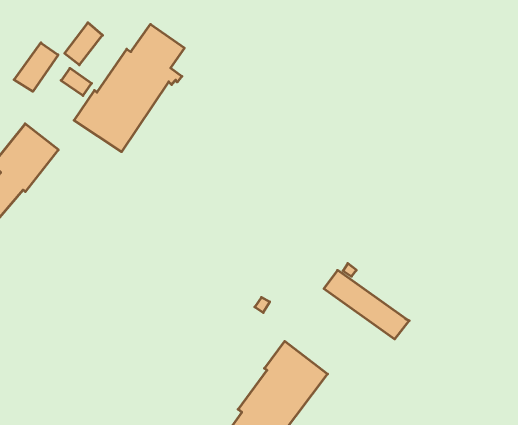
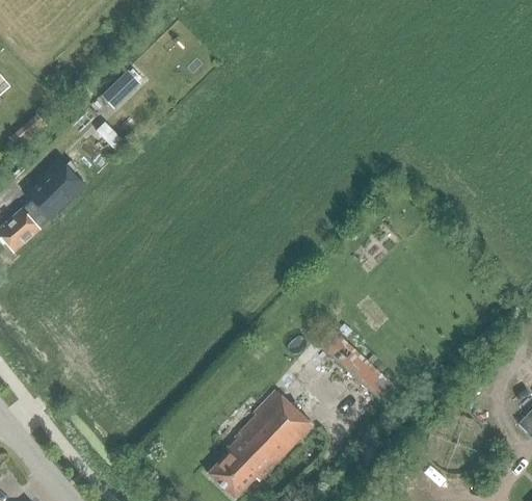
building: [74,24,184,152] -> none
building: [14,43,58,91] -> none

